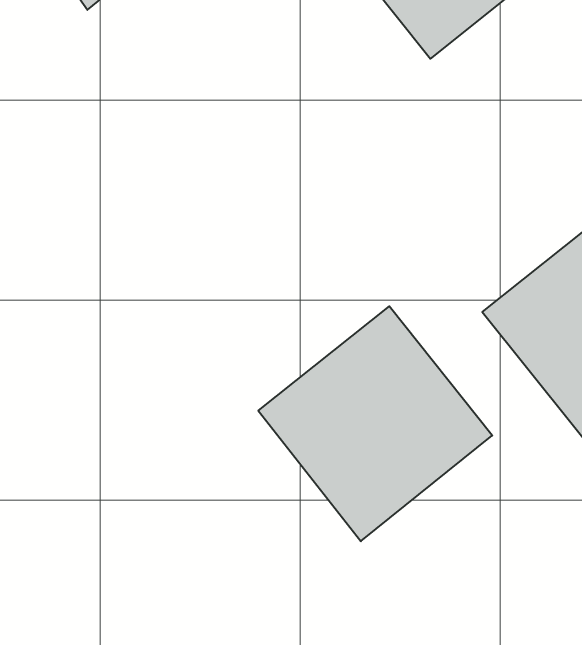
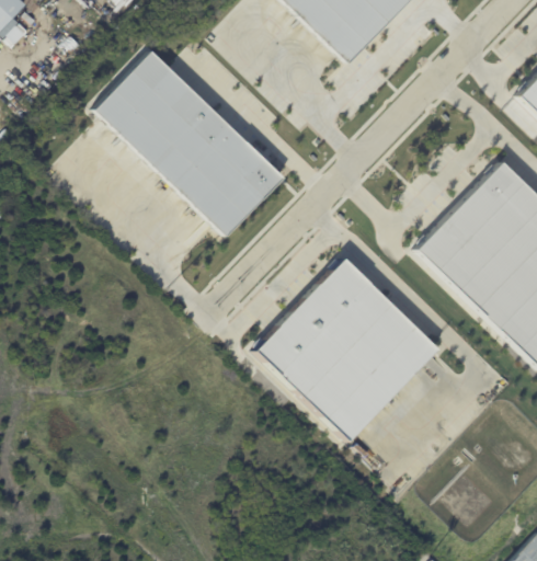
building: none -> [94,49,284,237]

